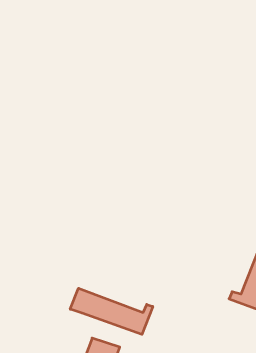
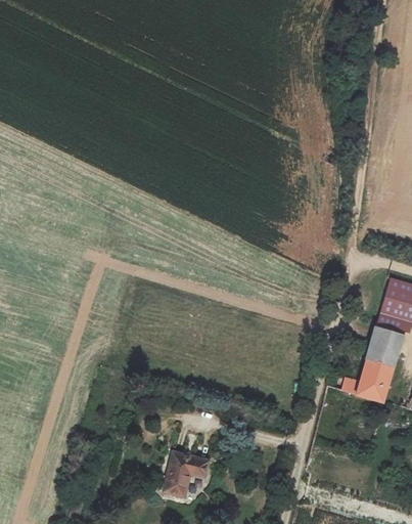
building: [70,288,153,334] -> none

